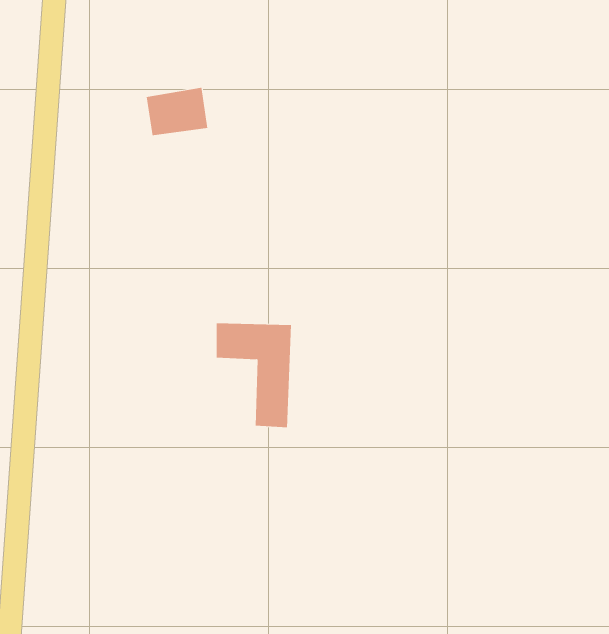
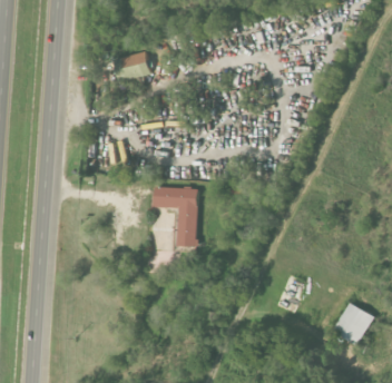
building: none -> [332,302,373,345]

